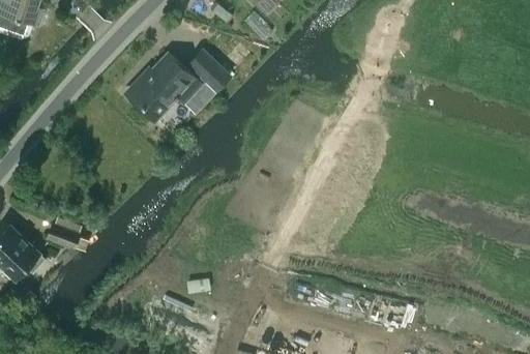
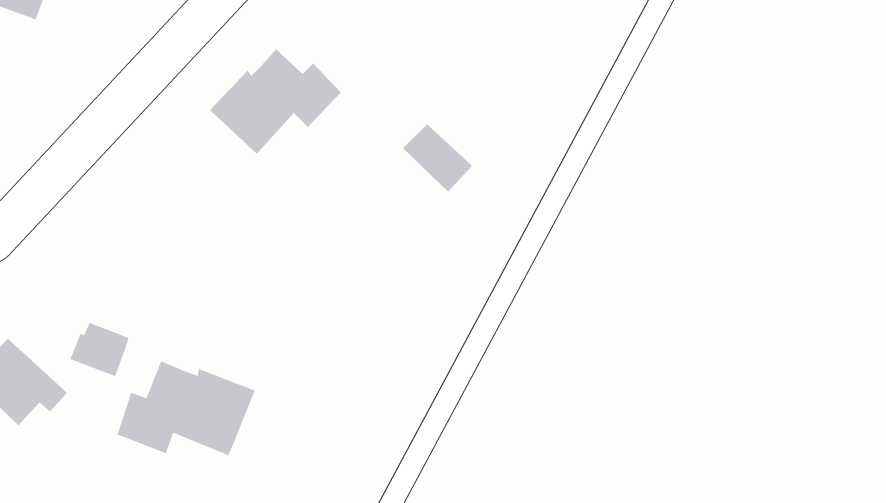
building: [189,51,231,91] -> [402,124,473,192]
building: none -> [117,360,256,456]

